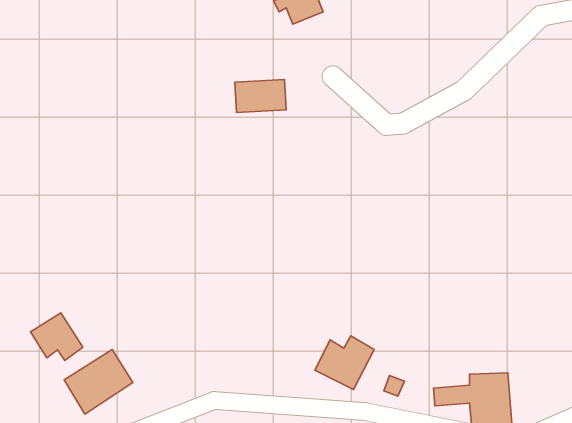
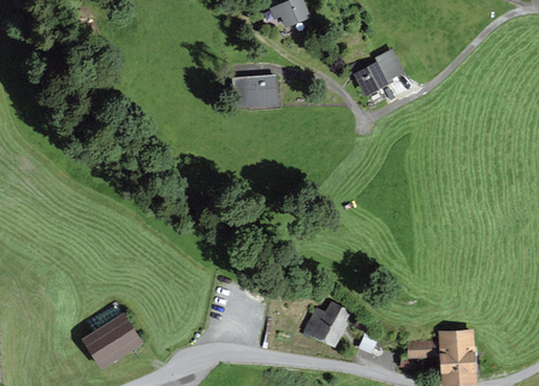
building: none -> [350,48,407,97]
building: [31,313,83,360] -> none

